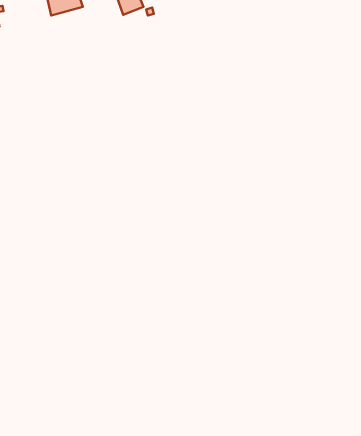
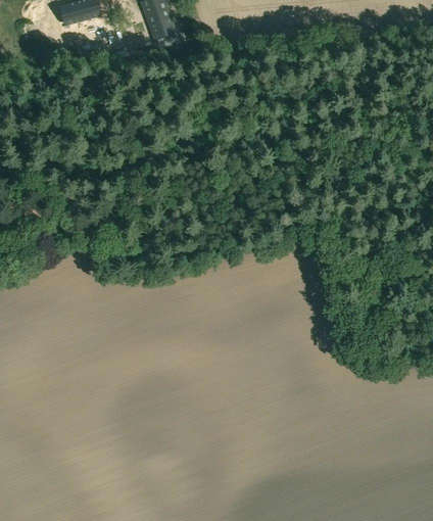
building: none -> [149,14,176,40]

